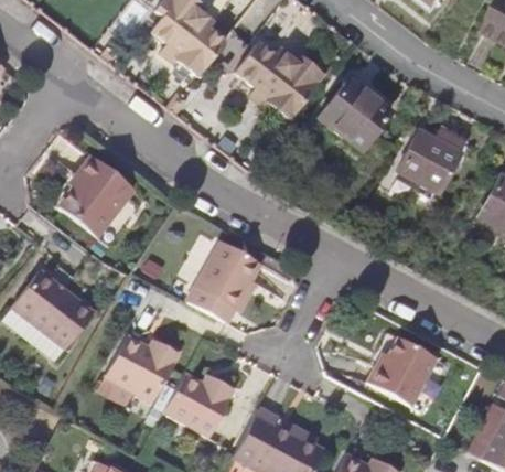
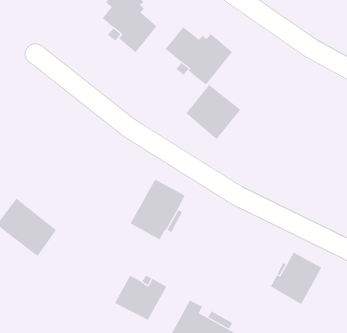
building: [315,77,389,151] -> [185,84,241,140]
building: [396,131,458,194] -> none
building: [55,155,131,236] -> none
building: [106,334,180,398] -> none

